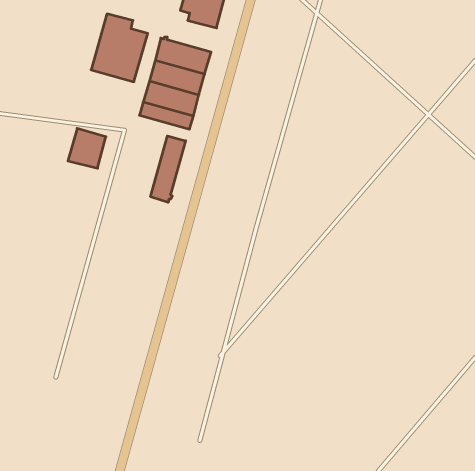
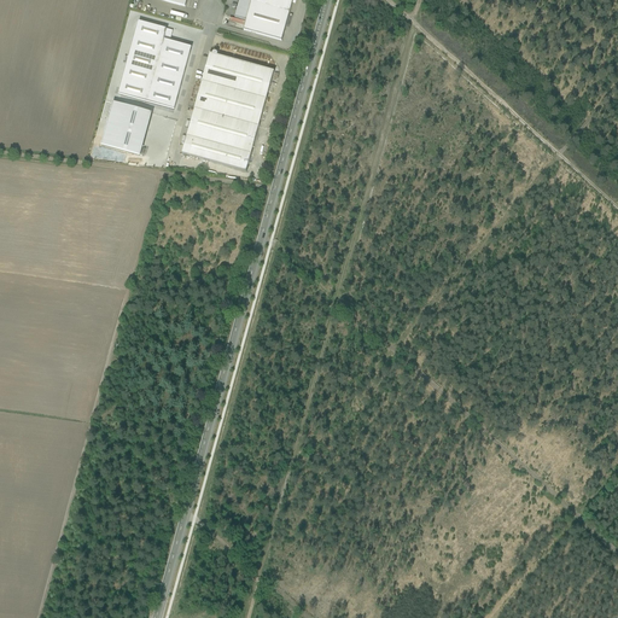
building: [68,128,106,168] -> [101,99,151,151]
building: [151,136,186,202] -> none

